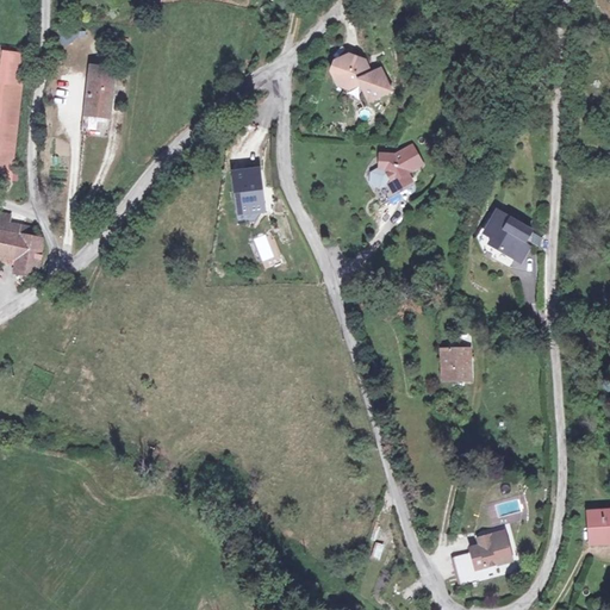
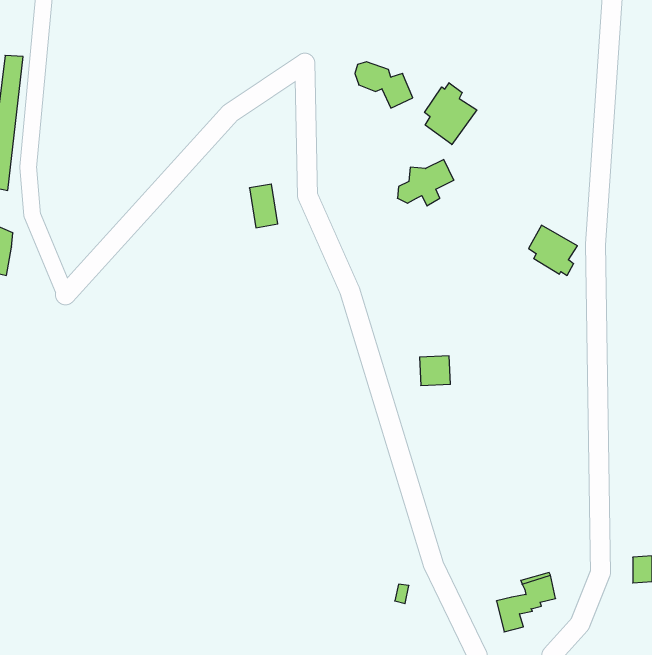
building: [77,63,108,131] -> none
building: none -> [425,83,477,145]
building: [6,229,46,273] -> none
building: [443,344,472,372] -> [420,356,450,385]

